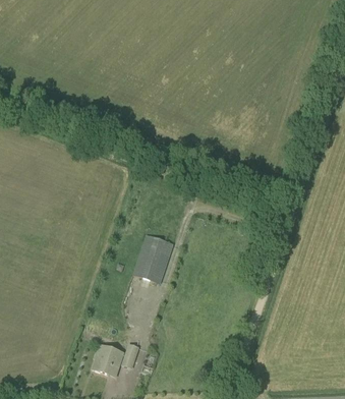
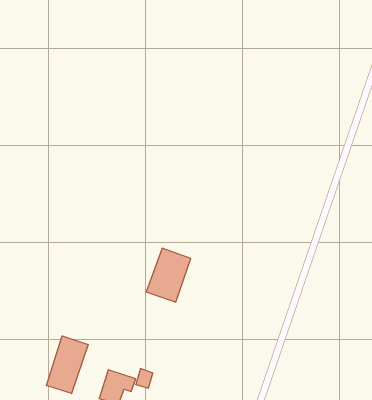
building: none -> [46,336,88,394]

